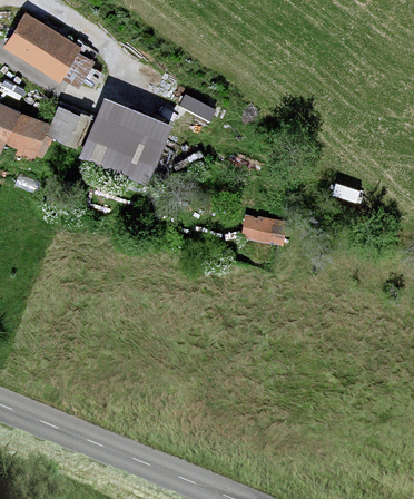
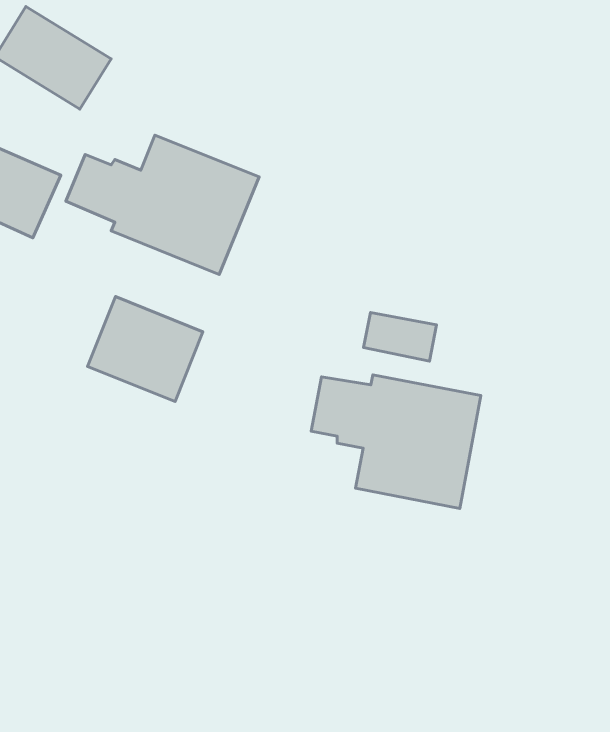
building: none -> [88,297,203,402]
building: none -> [311,375,481,508]

